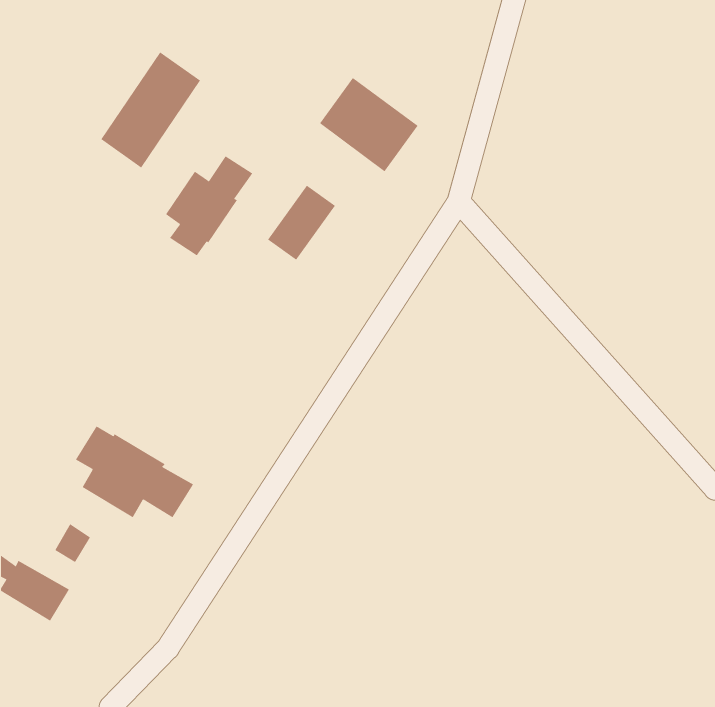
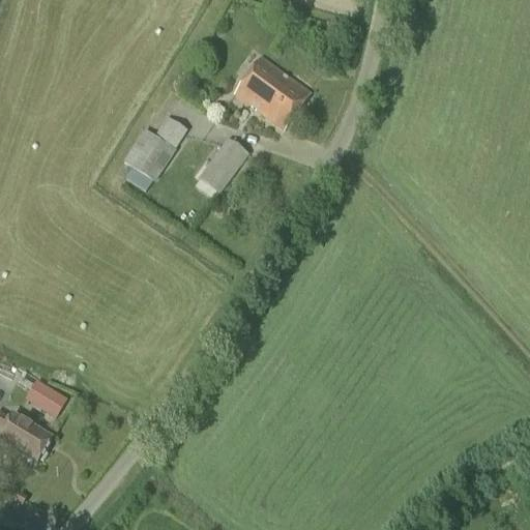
building: [100,51,201,168] -> none
building: [75,426,194,518] -> none

